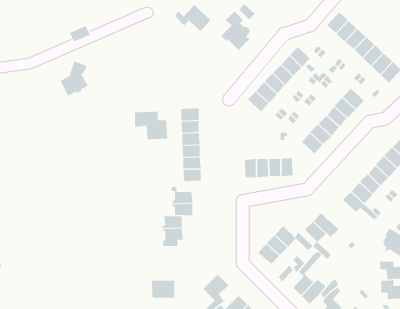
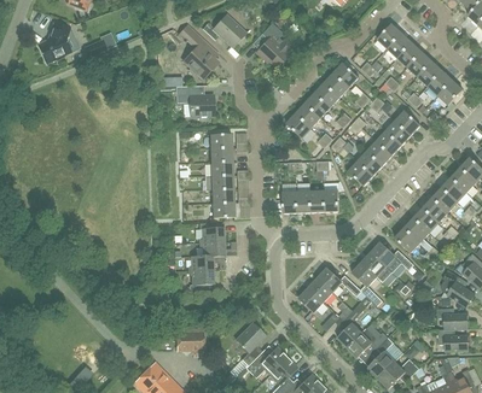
building: none -> [176,22,217,76]
building: [60,61,89,97] -> [39,20,71,61]
building: [134,111,168,140] -> [176,83,215,116]
building: none -> [371,240,413,270]

